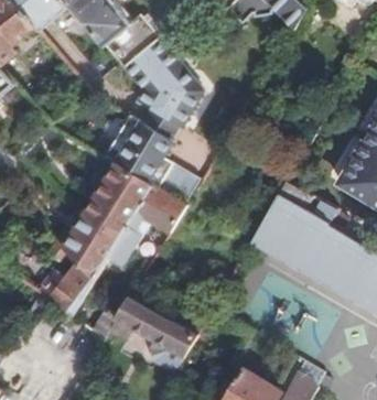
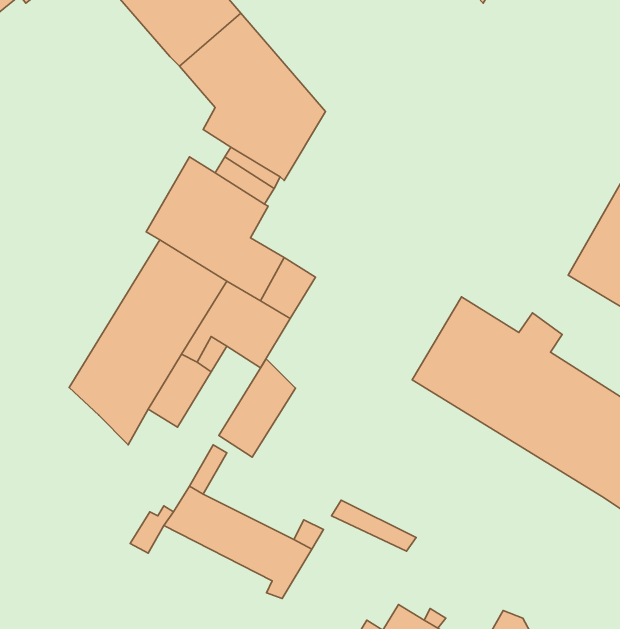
building: [50,261,93,316] -> [219,359,296,457]

